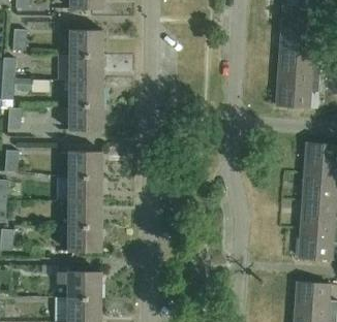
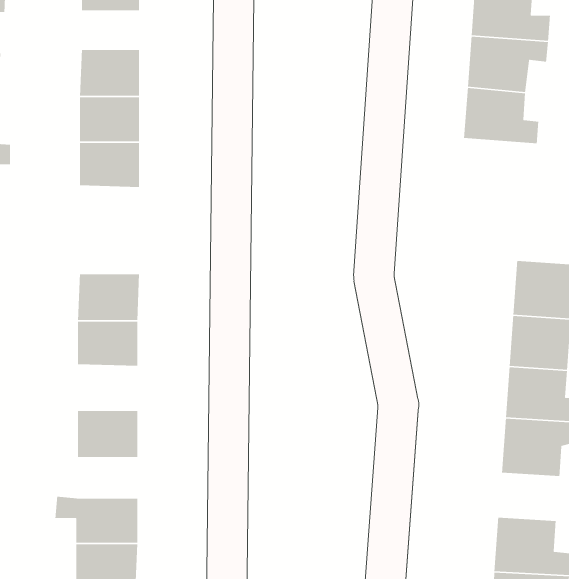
building: [275,76,317,108] -> none
building: [68,102,101,129] -> none
building: [67,199,100,224] -> none

